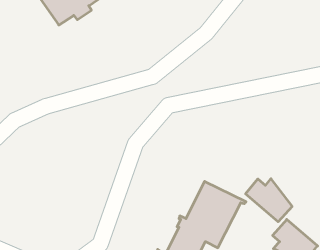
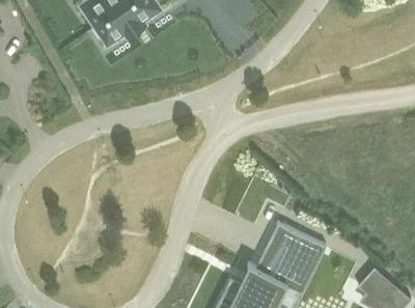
building: [246,179,292,222] -> none

